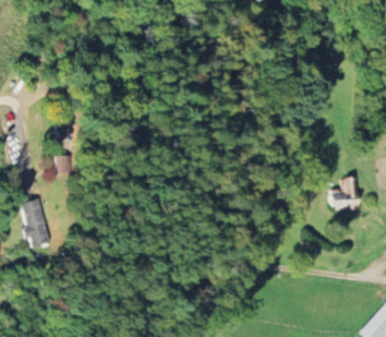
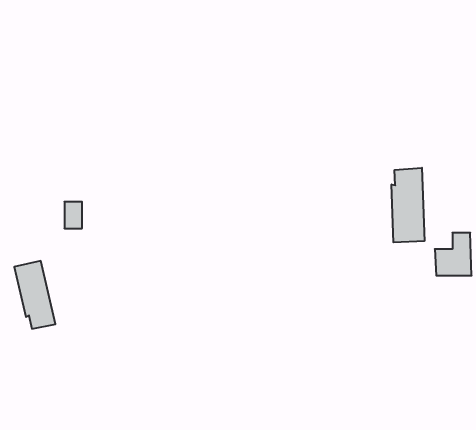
building: none -> [392,168,424,242]

